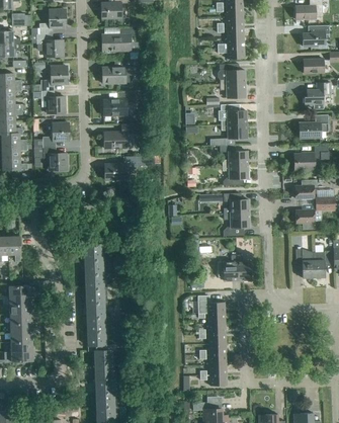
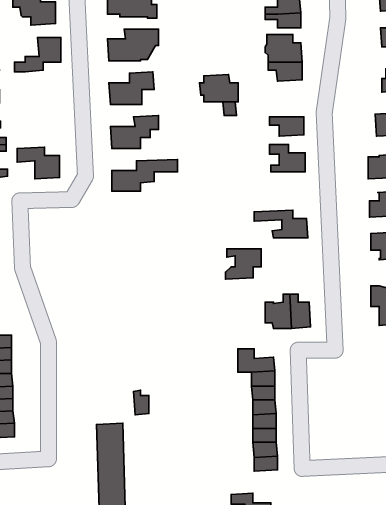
building: [40,90,65,113] -> none
building: [218,104,246,124] -> [200,74,238,102]
building: [33,122,69,148] -> none
building: [222,165,248,185] -> none
building: [223,214,249,236] -> [226,249,261,279]
building: [83,244,115,351] -> none

